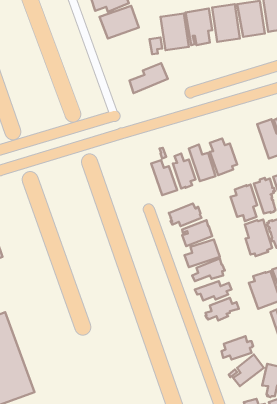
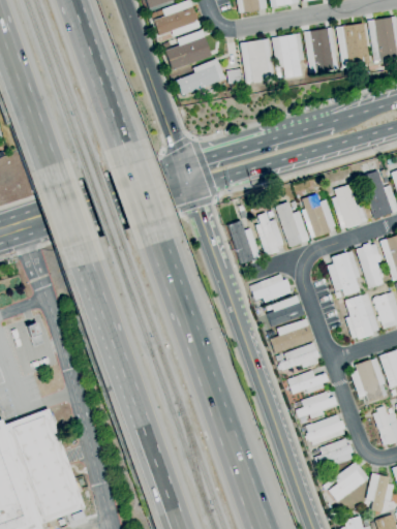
building: [129,63,168,93] -> [177,59,224,96]
building: none -> [331,185,368,229]
building: none -> [306,415,345,446]

